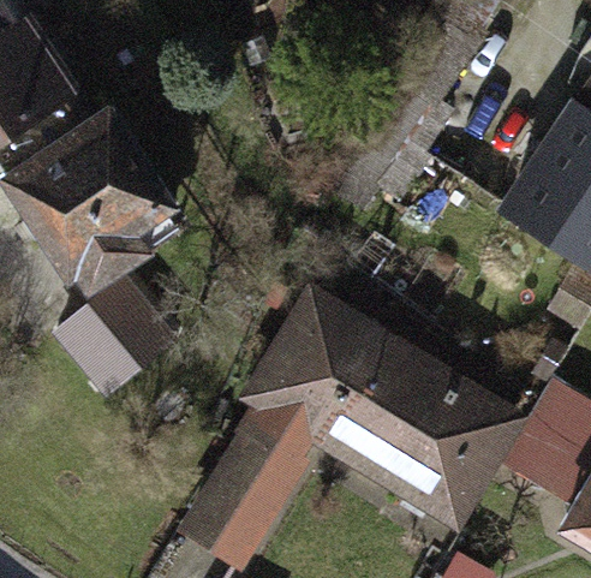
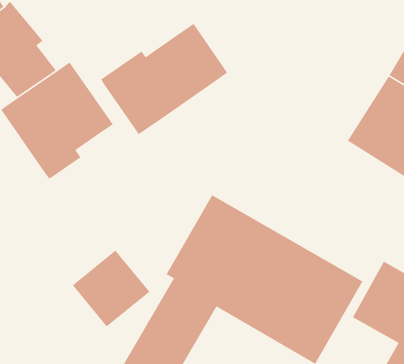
building: none -> [100,23,228,135]
building: [54,264,168,377] -> [72,249,150,327]

